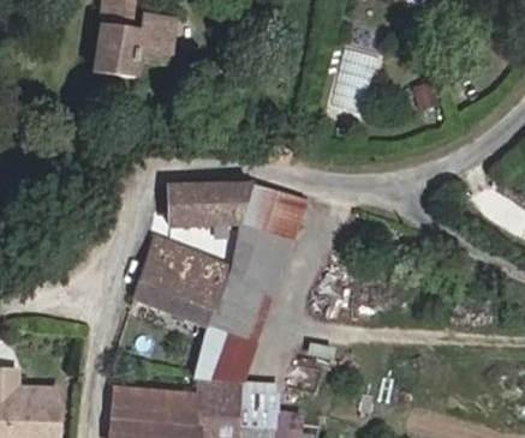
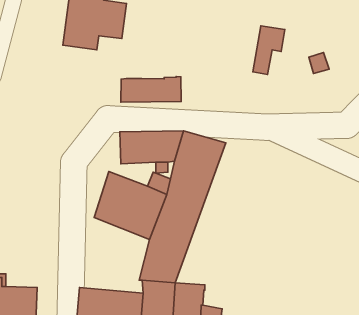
building: none -> [121,76,181,102]

